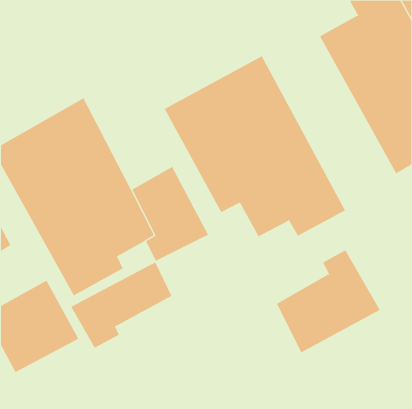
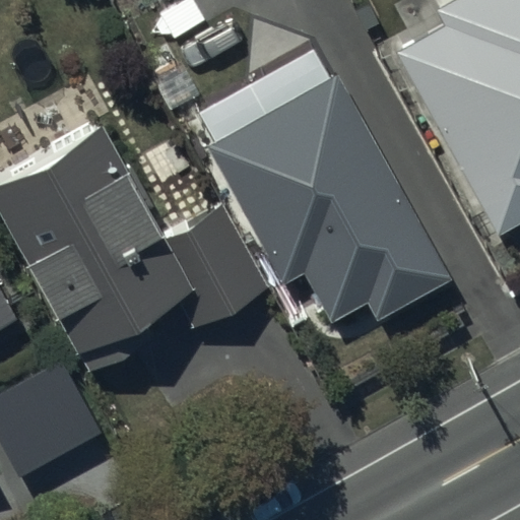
building: [276,249,380,353] -> none
building: [70,261,172,348] -> none

